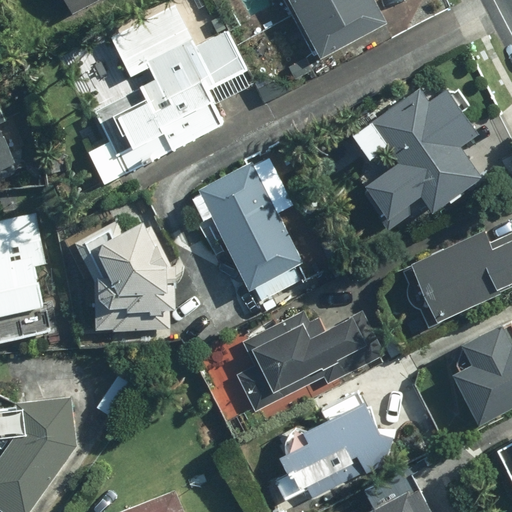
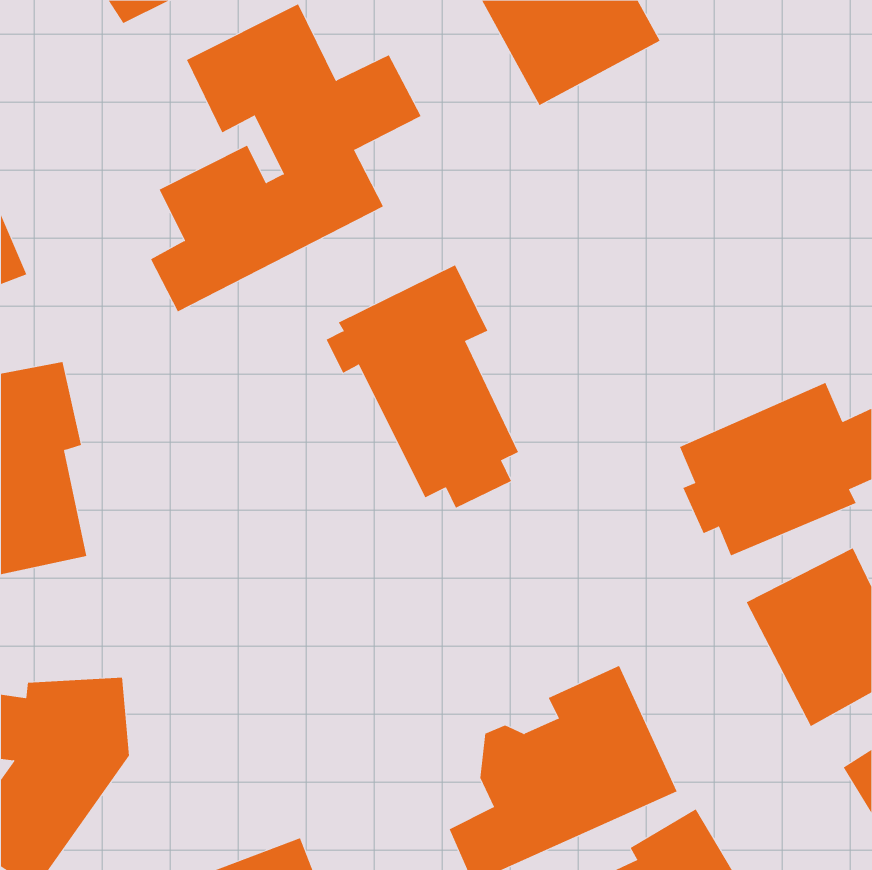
building: [353,87,479,218] -> none
building: [72,216,172,344] -> none
building: [231,310,366,413] -> none

